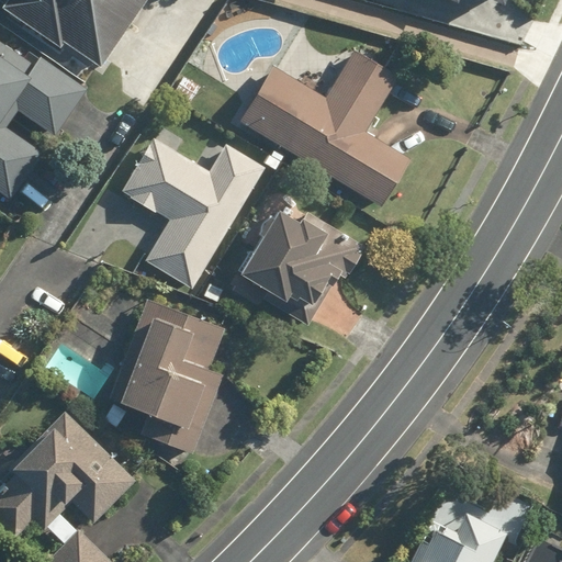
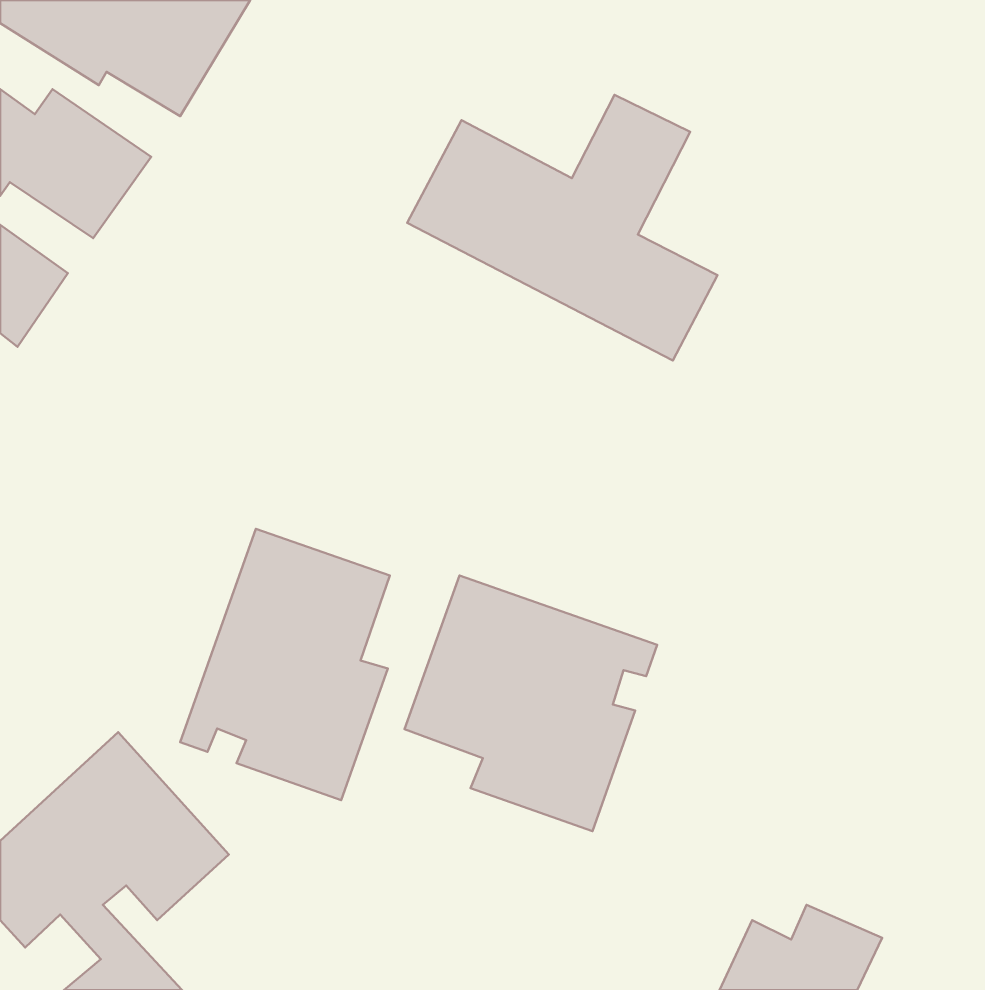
building: [121,135,263,289] -> none
building: [232,204,363,325] -> none
building: none -> [404,576,657,831]

